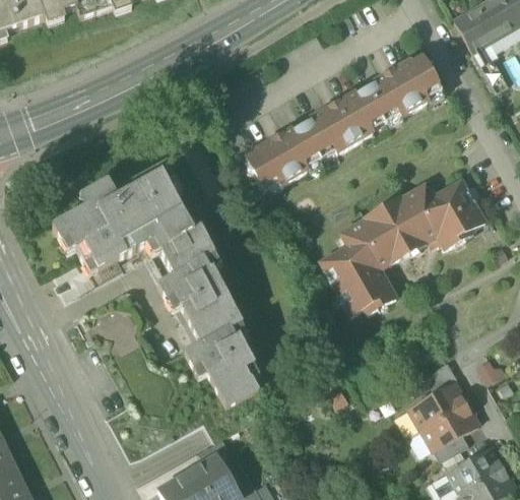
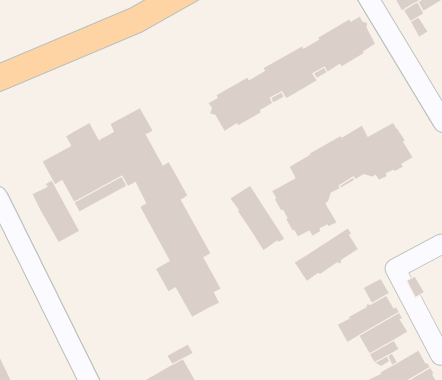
building: none -> [32,180,80,243]
building: none -> [230,185,285,251]
building: none -> [294,227,359,282]

